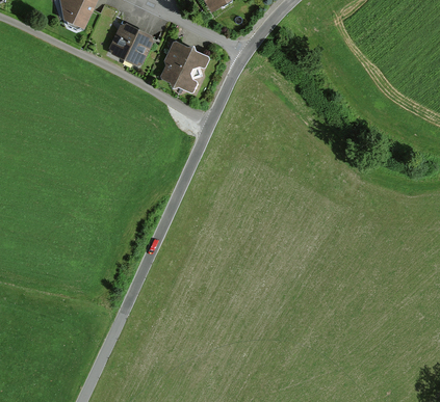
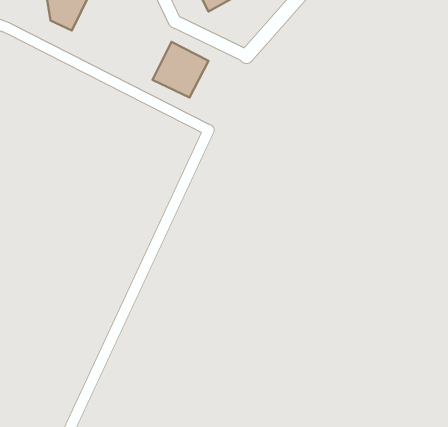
building: [109,25,152,66] -> none

